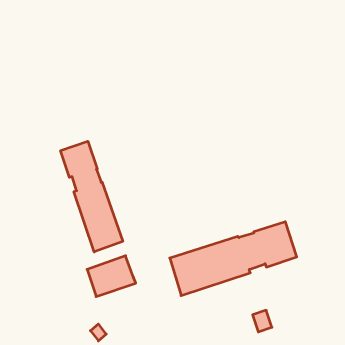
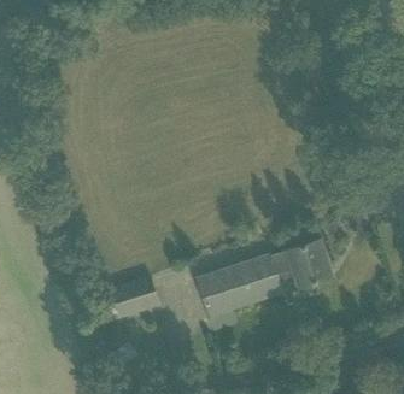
building: [61,141,123,252] -> none

